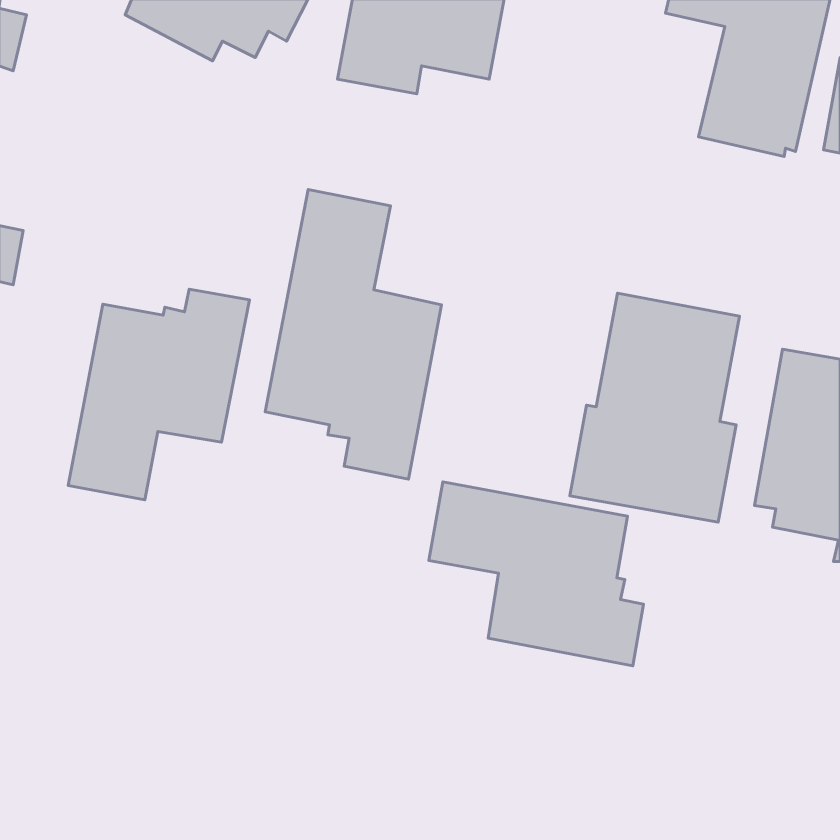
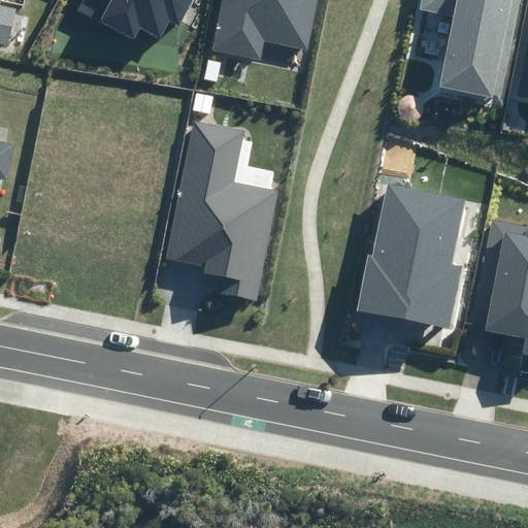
building: [68,289,249,500] -> none
building: [429,482,644,666] -> none

